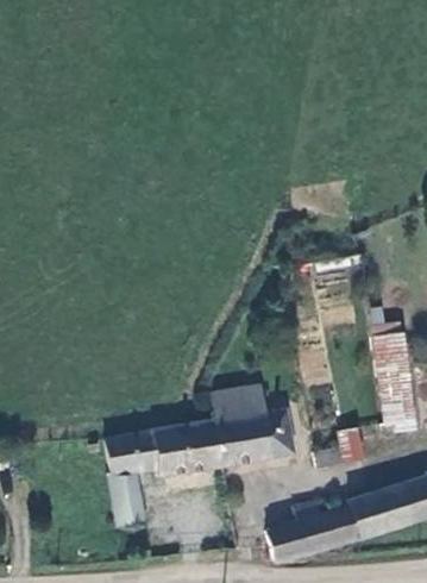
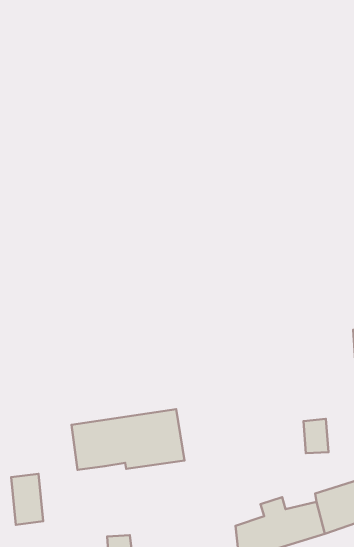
building: [207,388,290,470] -> none
building: [111,476,143,527] -> [11,474,43,525]

